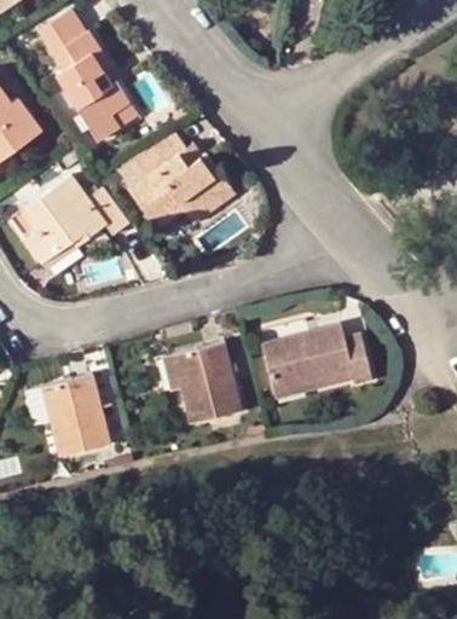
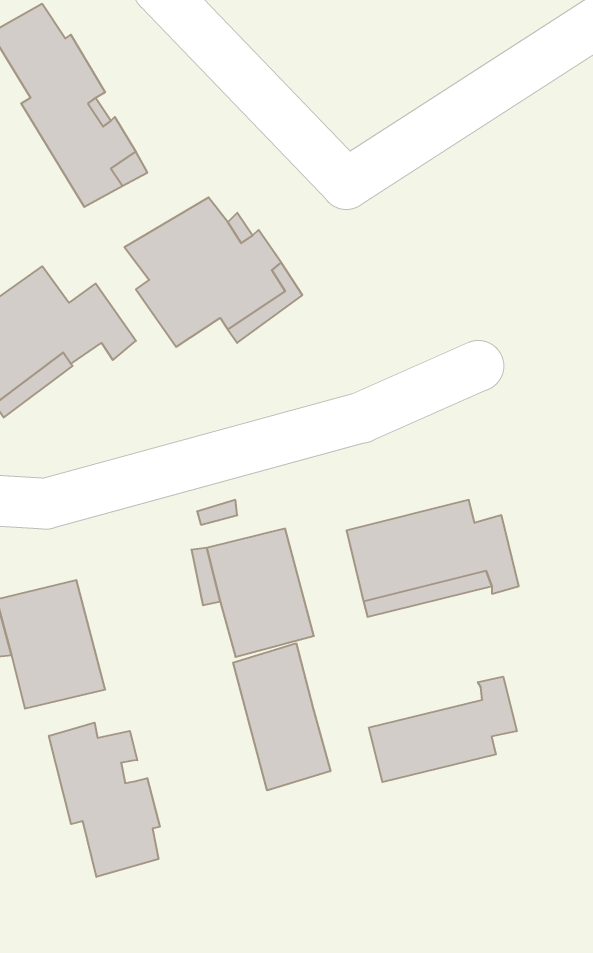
building: none -> [233,643,330,790]
building: none -> [369,677,517,782]
building: none -> [49,723,160,877]

